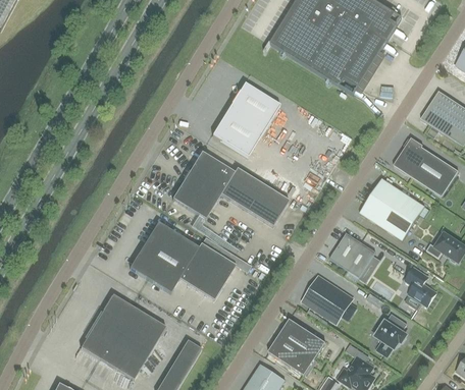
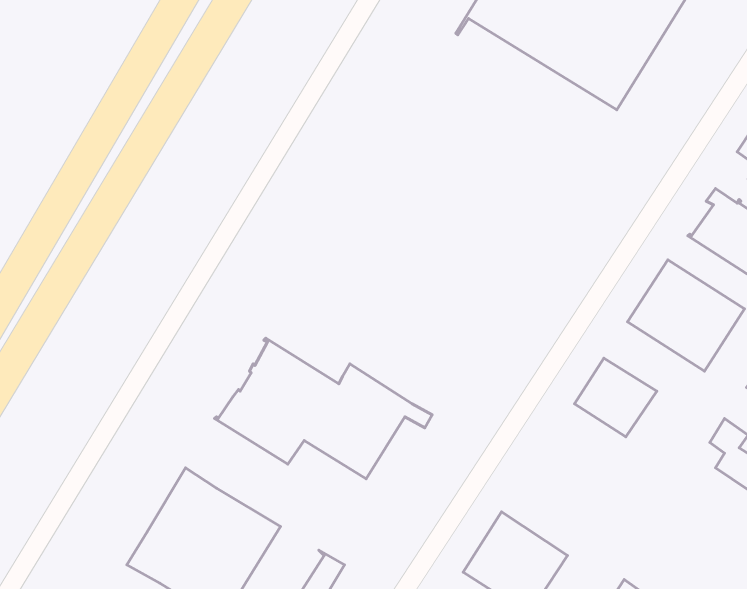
building: [211,81,279,156] -> none
building: [171,151,289,226] -> none
building: [301,274,356,323] -> none
building: [375,312,406,355] -> none

